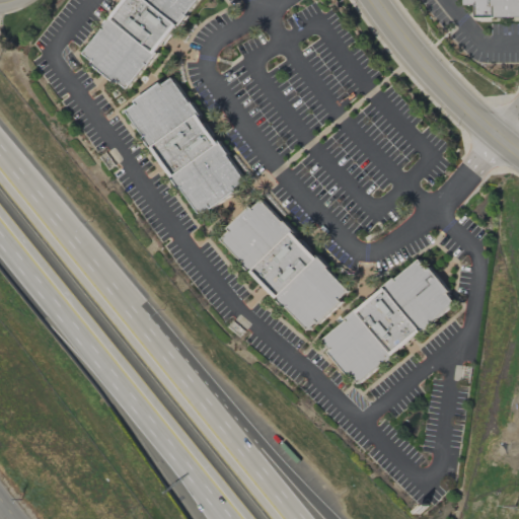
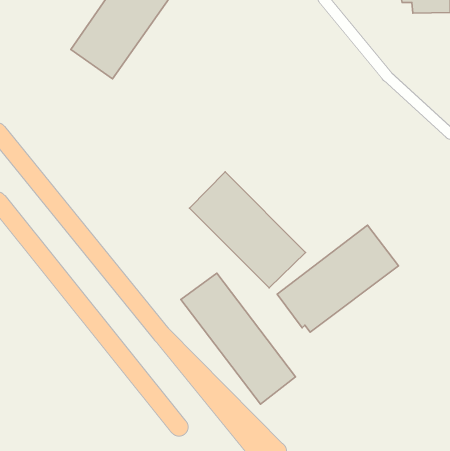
building: [125,74,243,214] -> none
building: none -> [181,273,295,404]

